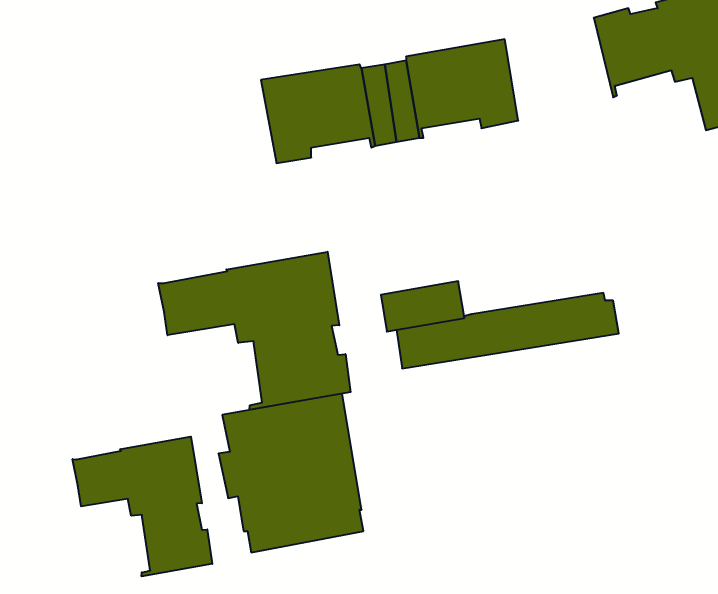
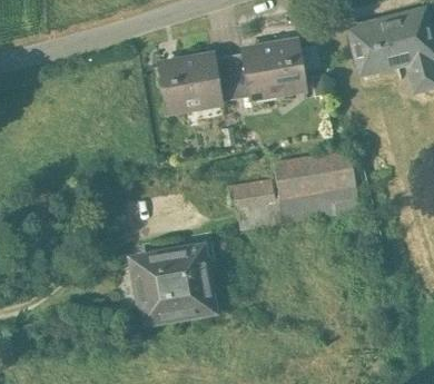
building: none -> [274,147,356,197]
building: [158,252,351,410] -> none
building: [73,437,212,576] -> none

